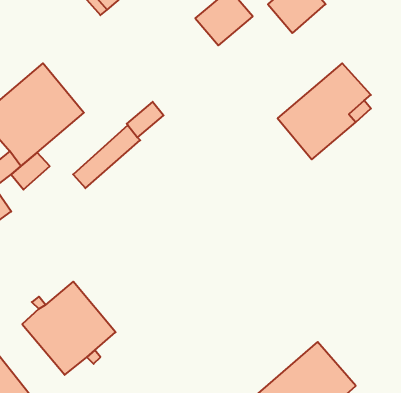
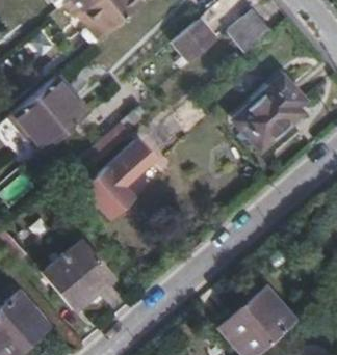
building: none -> [83,138,155,216]

